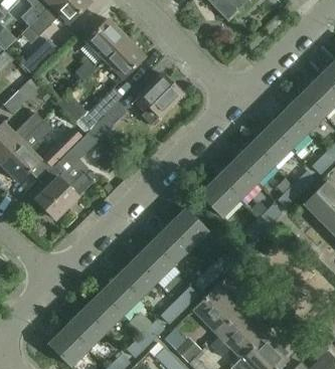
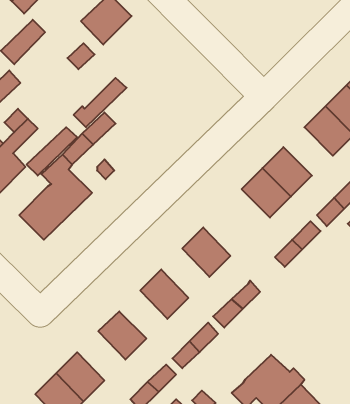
building: [104,36,146,78] -> none
building: [140,72,181,124] -> none
building: [250,127,291,166] -> none
building: [199,177,239,217] -> none
building: [151,225,190,265] -> none
building: [117,259,156,299] -> none
building: [193,288,240,335] -> none
building: [82,293,122,333] -> none

